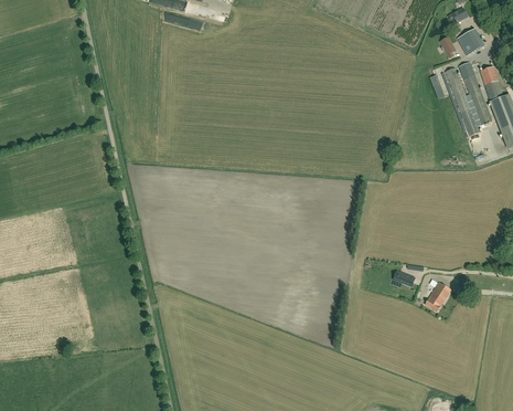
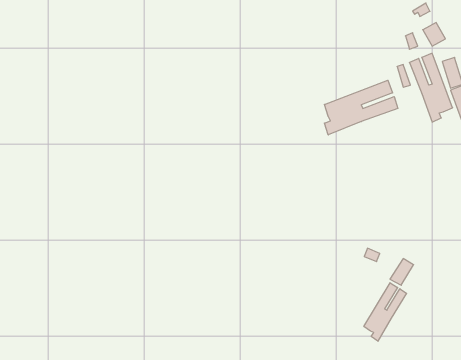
building: none -> [324,80,398,135]
building: none -> [364,283,407,341]

